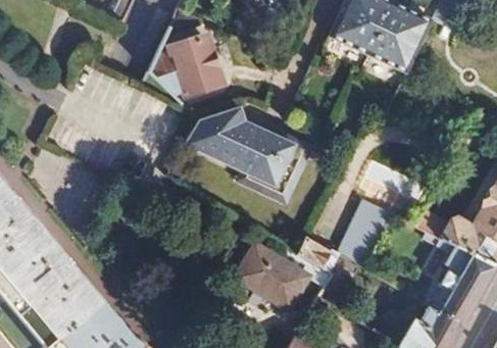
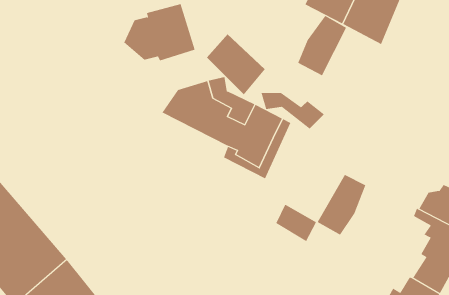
building: none -> [297,15,347,76]
building: none -> [206,33,266,95]
building: none -> [261,92,325,130]
building: [240,242,312,305] -> none

